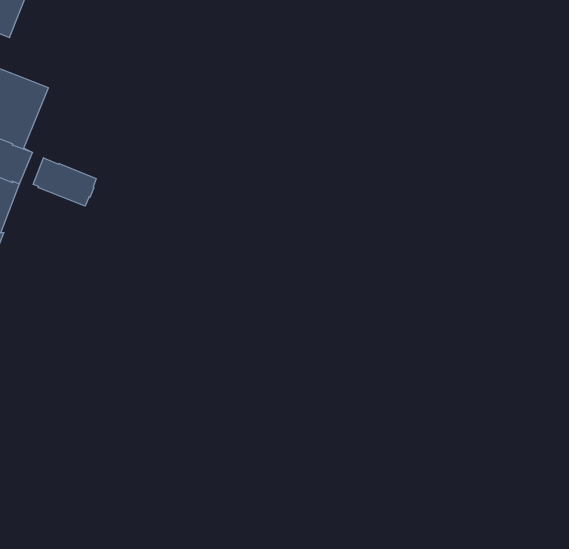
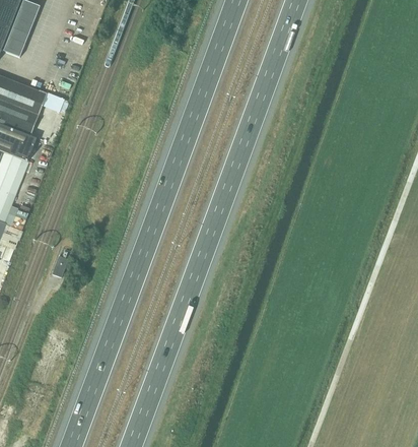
building: [33,158,96,206] -> none

